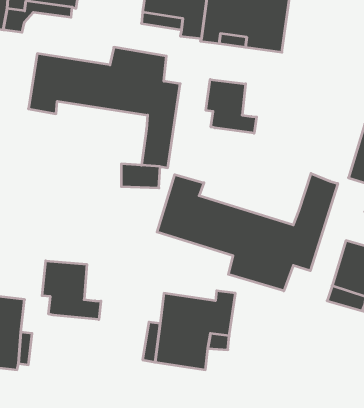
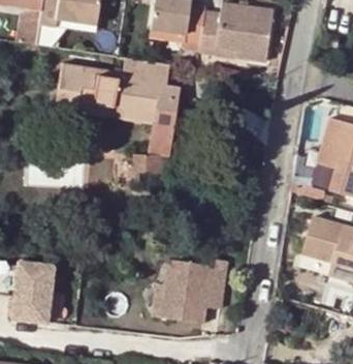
building: [206,79,257,133] -> none
building: [157,173,338,291] -> none
building: [42,261,101,320] -> none

